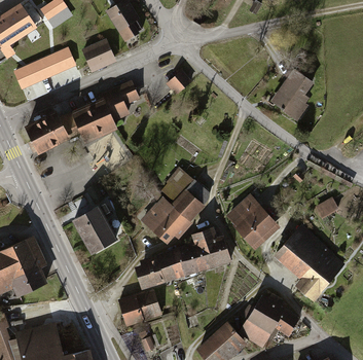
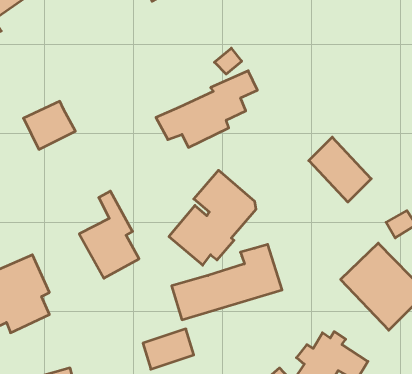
building: [82,41,113,70] -> none
building: [14,50,74,89] -> none
building: [269,72,315,118] -> none
building: [57,82,137,143] -> [156,71,257,147]
building: [227,197,277,249] -> [309,137,371,202]

